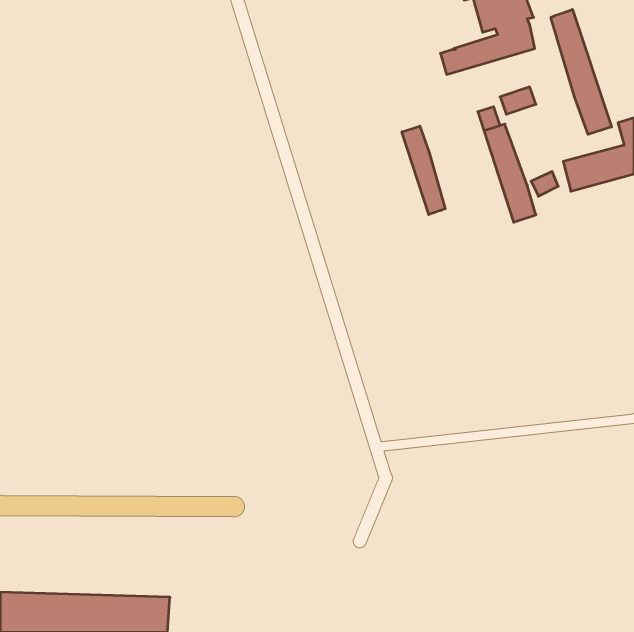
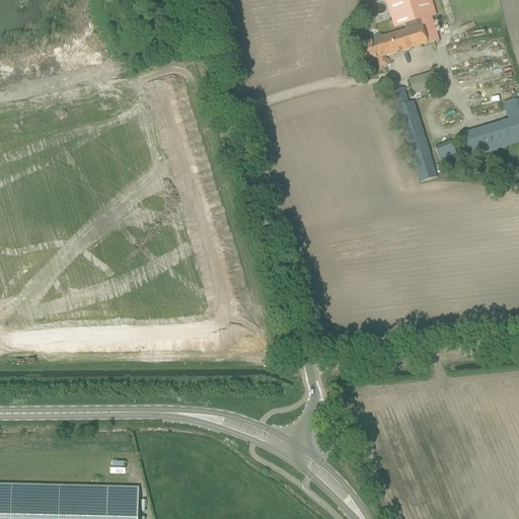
building: [551,9,612,134] -> none
building: [402,126,445,215] -> none

